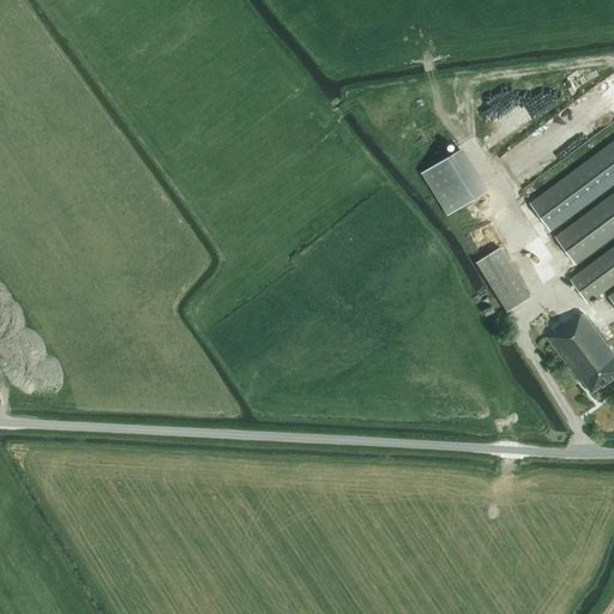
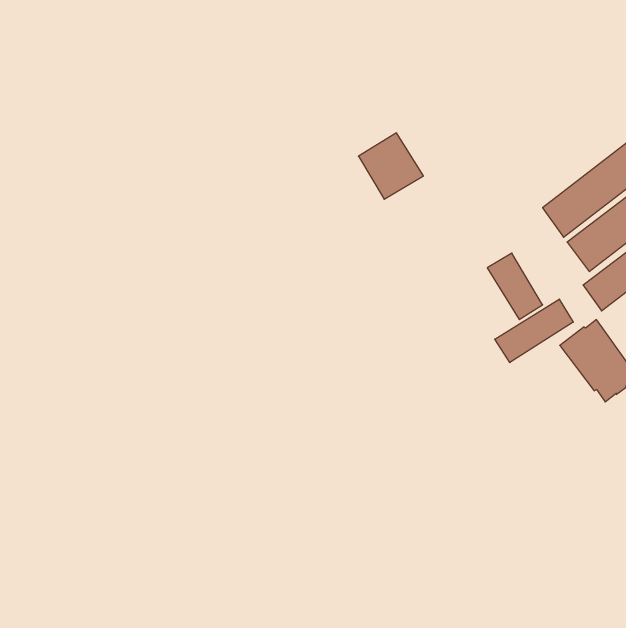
building: [422,150,486,215] -> [358,133,423,199]
building: none -> [495,299,573,363]

